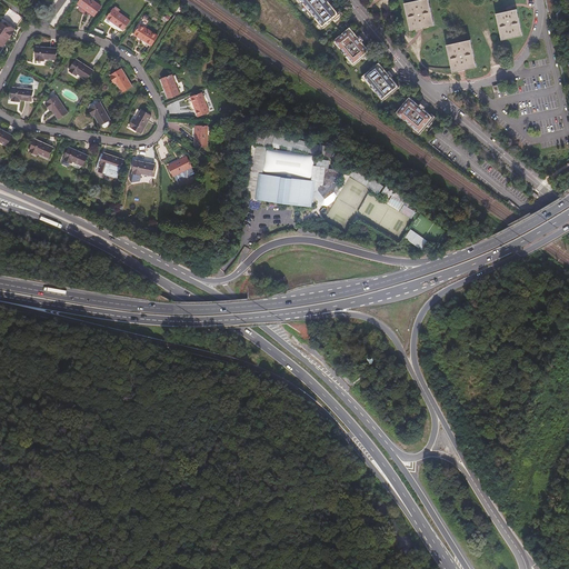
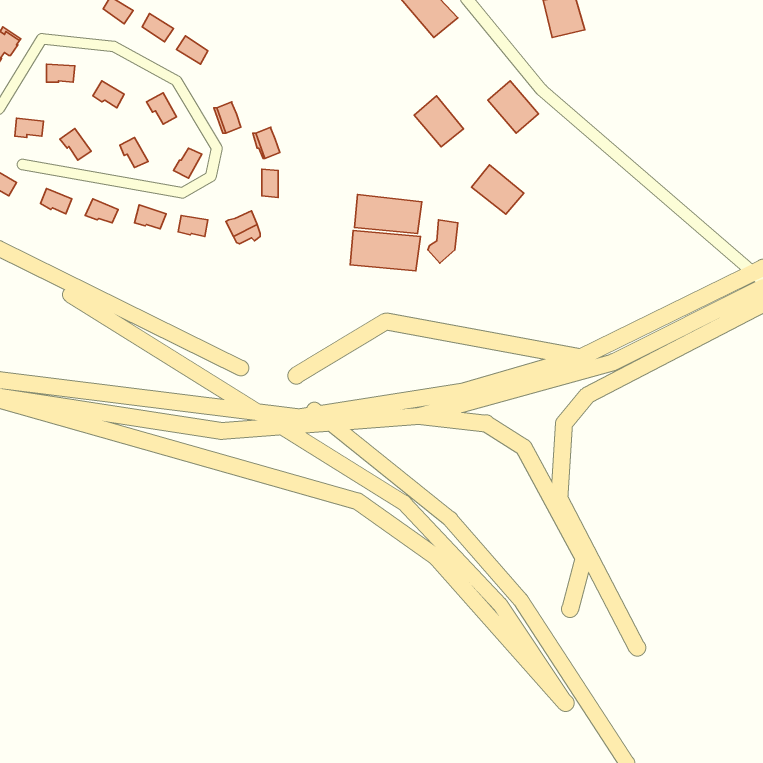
building: [496,4,522,37] -> none
building: [333,26,370,63] -> [414,96,463,147]
building: [447,36,477,69] -> none
building: [395,97,433,133] -> [472,165,524,214]

